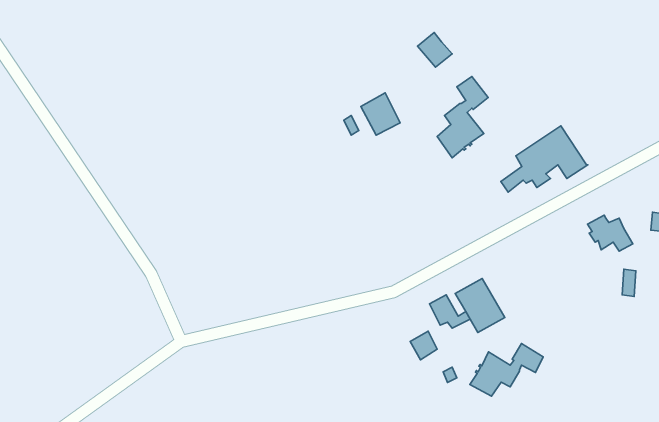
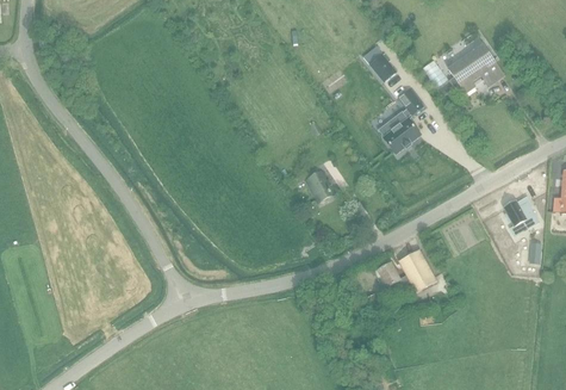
building: [361,93,400,135] -> [305,168,336,202]
building: [501,126,588,192] -> [436,43,505,95]
building: [470,344,543,396] -> none

